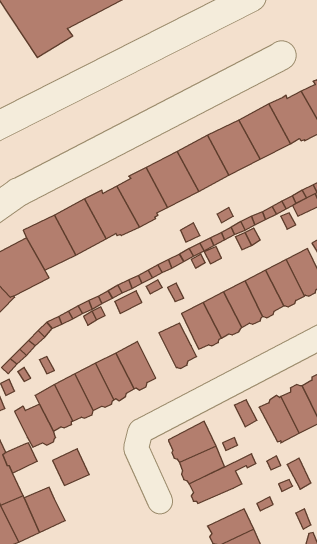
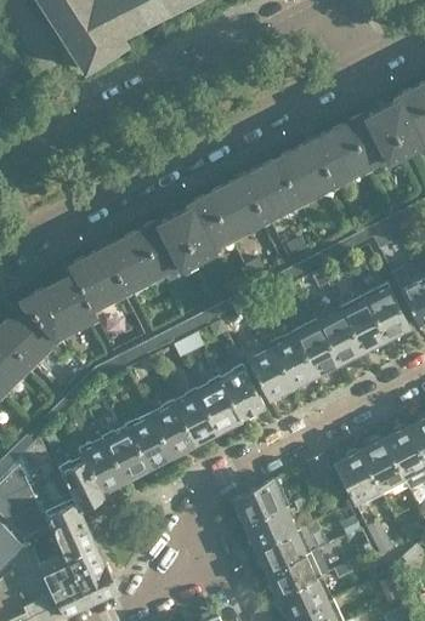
building: none -> [198,378,242,432]
building: [53,449,89,485] -> [57,524,98,565]
building: none -> [266,543,334,597]

